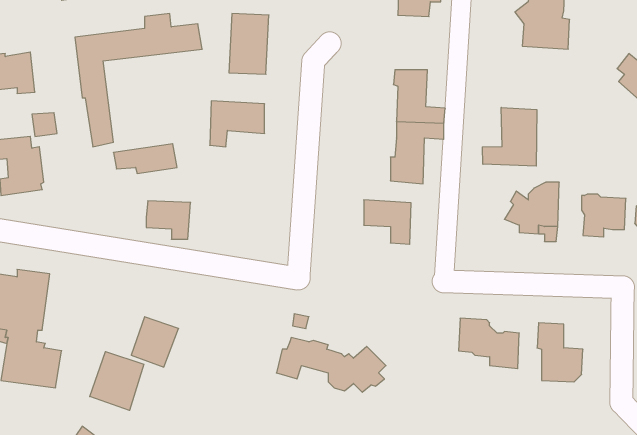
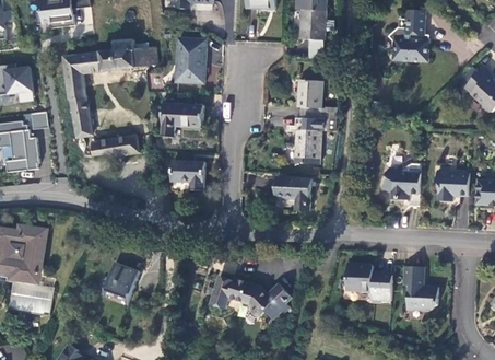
building: [482,107,537,166] -> none
building: [146,201,191,239] -> [172,160,204,188]
building: [90,352,144,410] -> none

